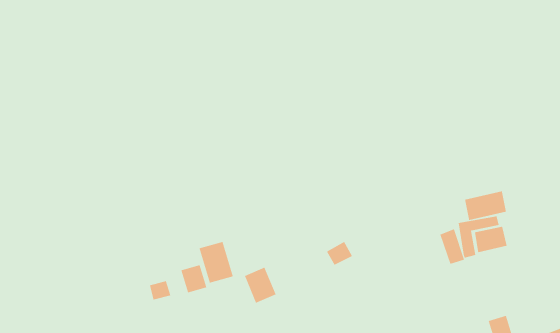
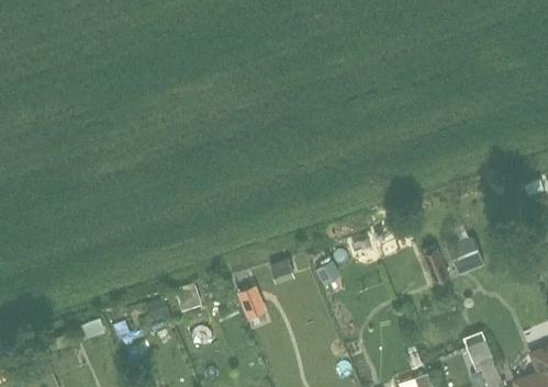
building: [465,190,507,221] -> none
building: [199,241,234,283] -> none

